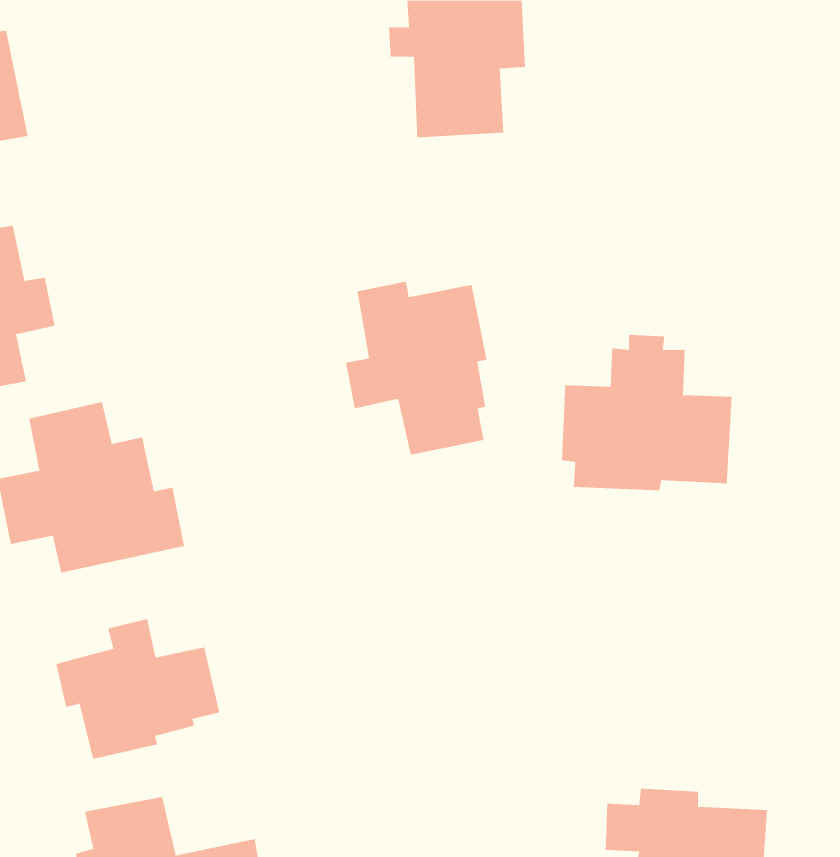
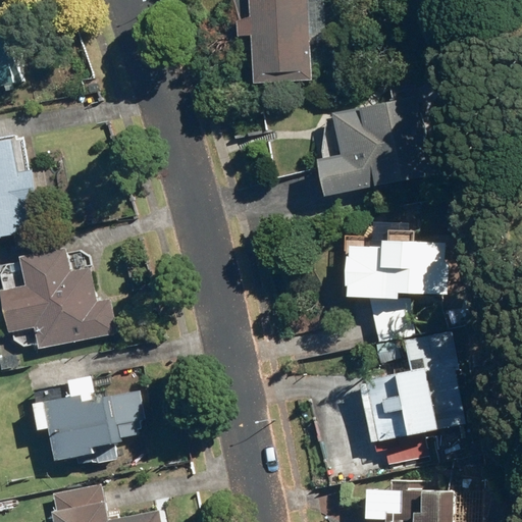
building: none -> [318,96,428,197]
building: [346,281,487,455] -> none
building: none -> [359,331,463,443]

